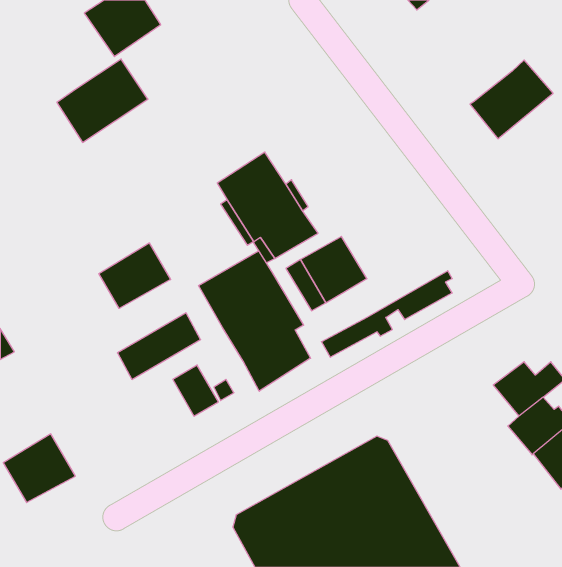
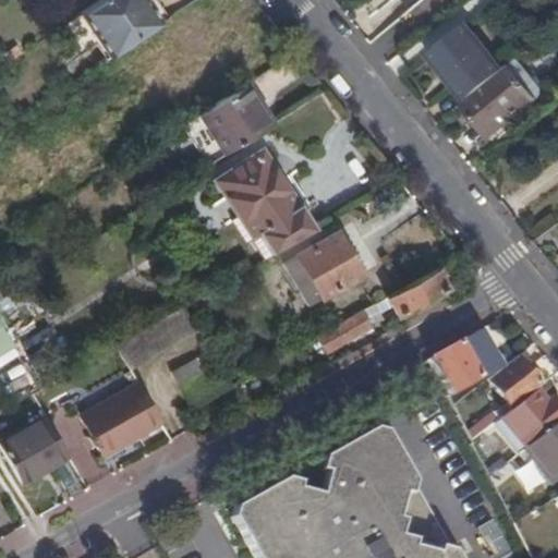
building: none -> [433,24,508,100]
building: [57,59,148,142] -> [186,83,276,165]
building: [99,243,171,308] -> none
building: [199,251,311,391] -> none
building: none -> [433,330,504,395]
building: none -> [80,377,166,460]

